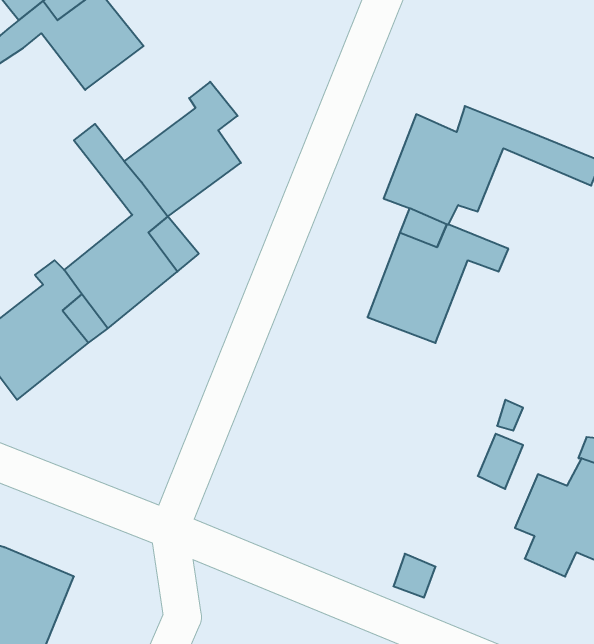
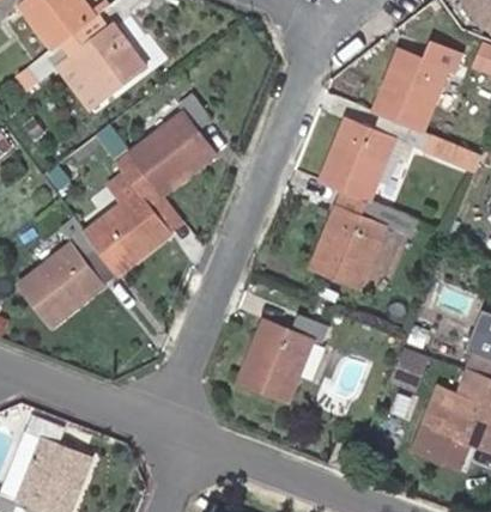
building: none -> [372,43,463,129]
building: none -> [240,315,329,402]

